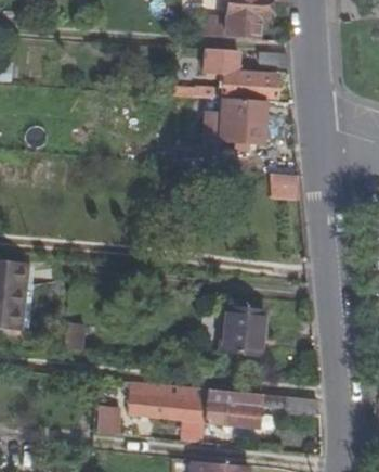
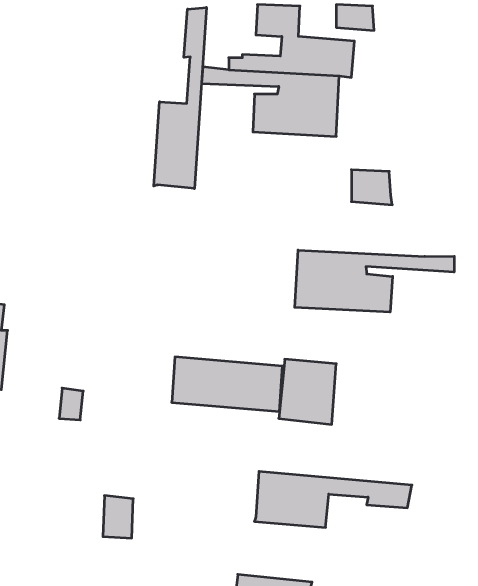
building: none -> [154,7,206,189]
building: none -> [295,250,454,312]
building: [129,381,208,420] -> [172,357,282,411]

